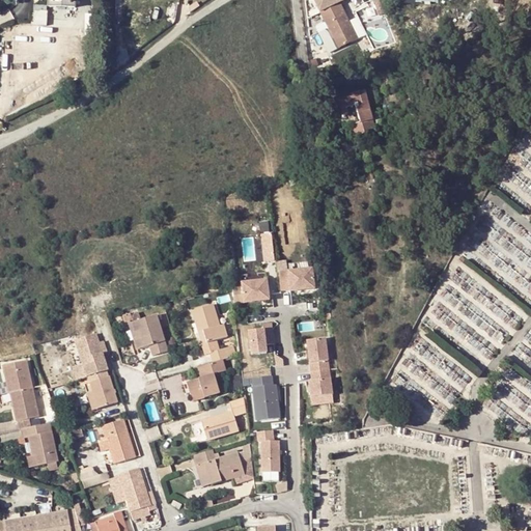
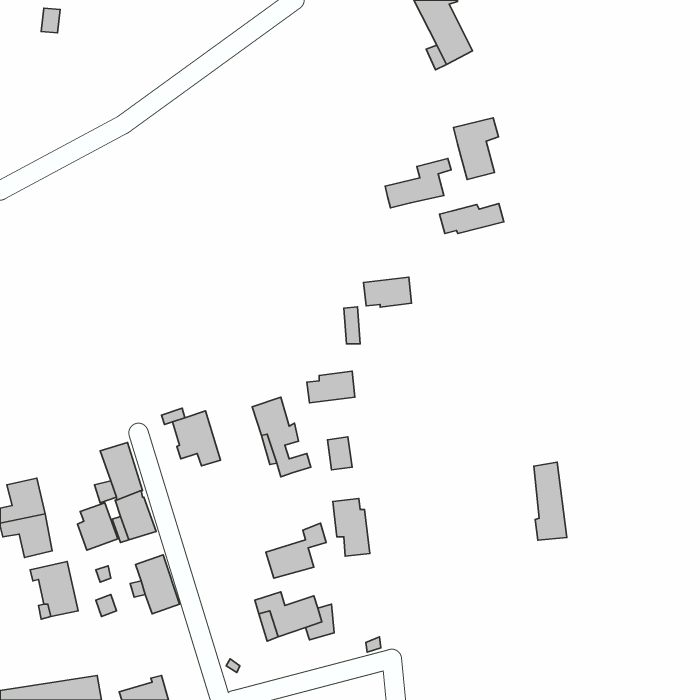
building: none -> [385,159,451,208]
building: none -> [440,204,504,233]
building: [278,270,314,292] -> [364,277,412,307]
building: [307,339,332,398] -> [534,462,567,540]
building: [188,358,225,398] -> none
building: none -> [78,503,118,550]
building: [257,431,280,473] -> none
building: [118,469,151,512] -> none

